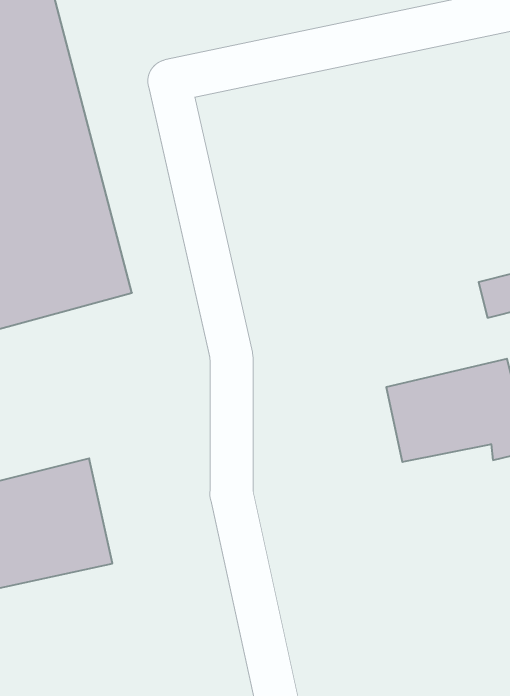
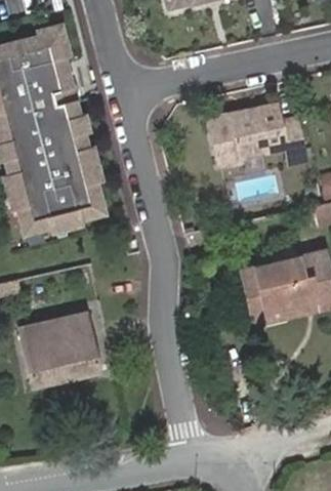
building: none -> [205,104,300,166]
building: none -> [244,269,318,326]

